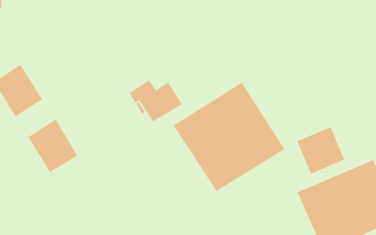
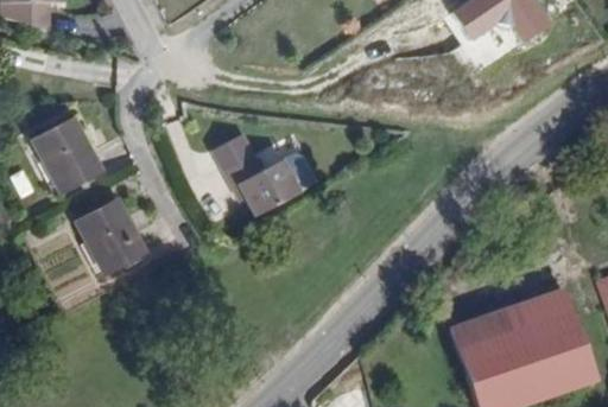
building: [173,82,285,192] -> none
building: [296,127,345,174] -> none

